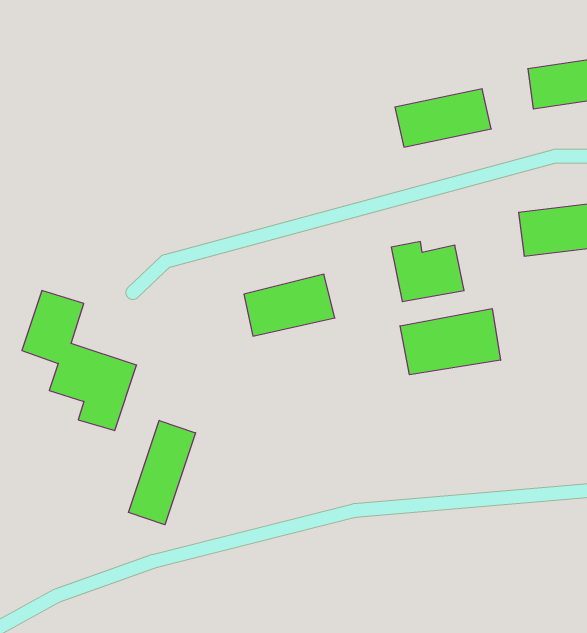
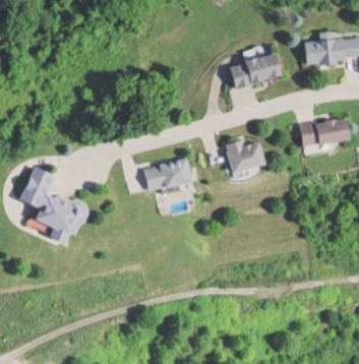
building: [400,309,501,375] -> none
building: [129,420,196,525] -> none

